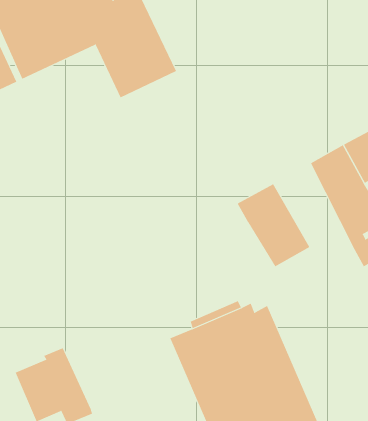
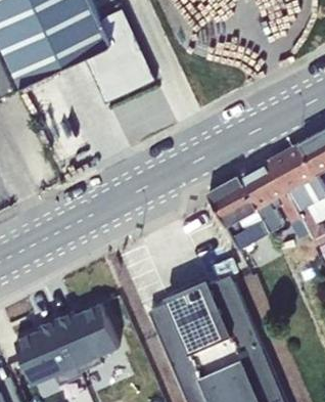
building: none -> [238,159,308,238]
building: none -> [56,303,119,371]

